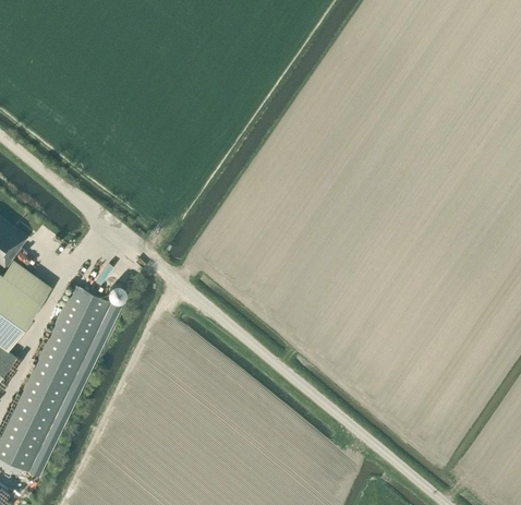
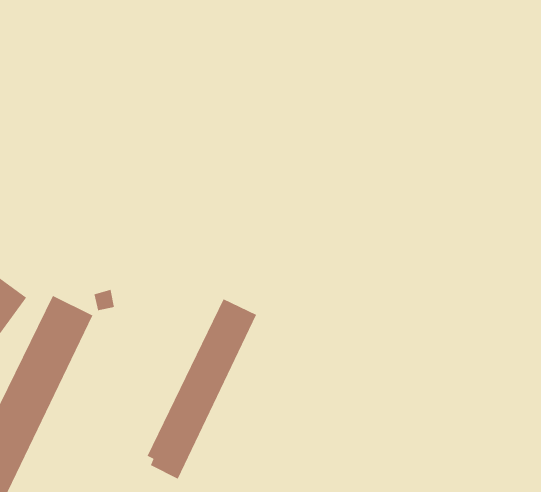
building: none -> [146,298,257,480]

